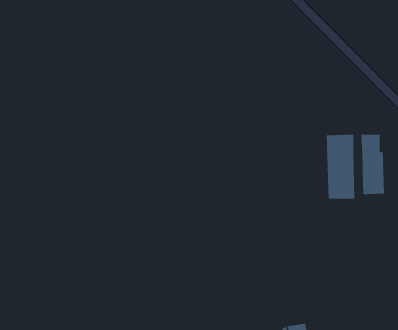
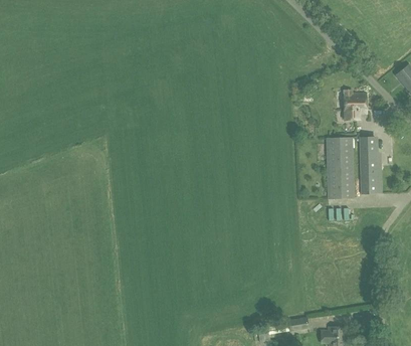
building: none -> [343,91,366,120]

